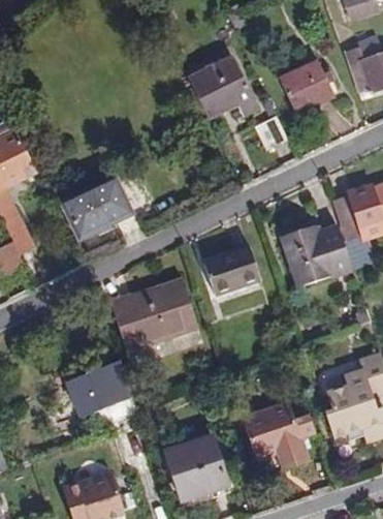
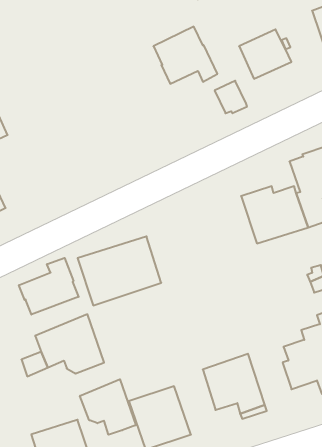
building: [63,178,130,238] -> none
building: [204,248,261,295] -> none
building: none -> [19,258,79,315]
building: none -> [80,379,136,435]

